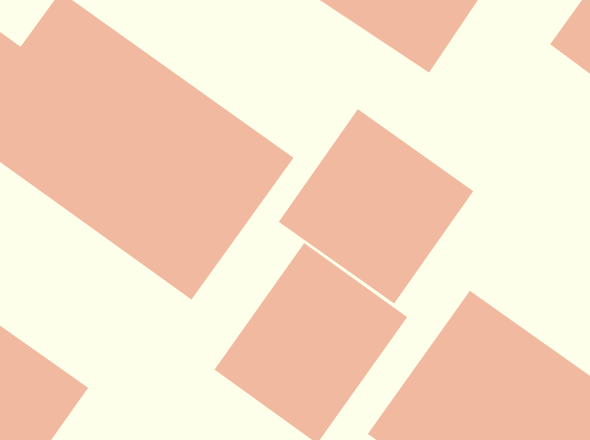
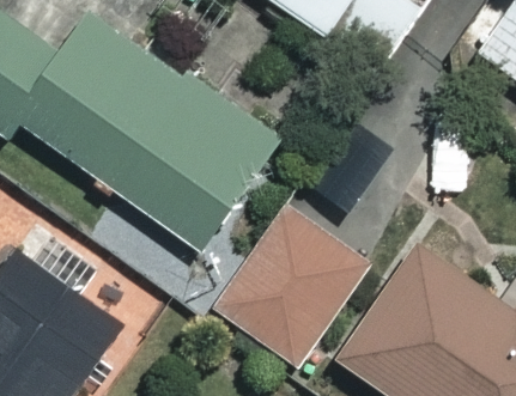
building: [278,108,474,305] -> none

